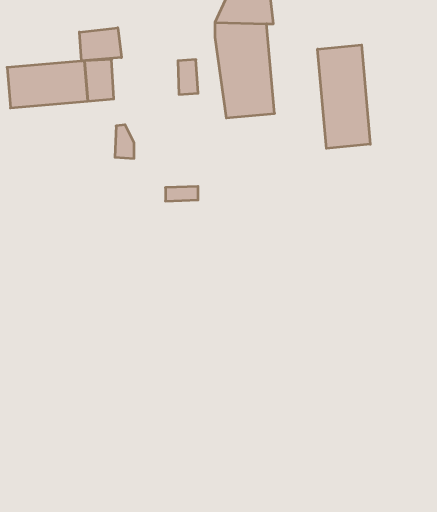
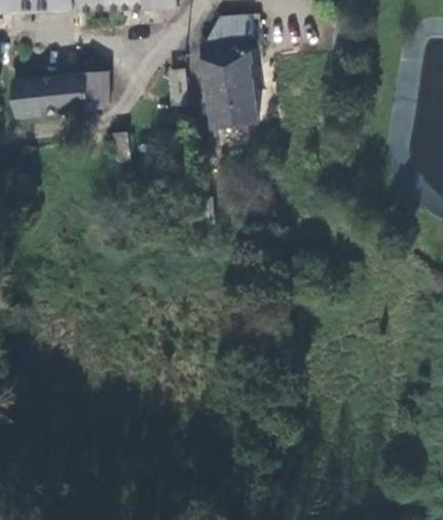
building: [79,28,121,61] -> none
building: [318,45,370,148] -> none

